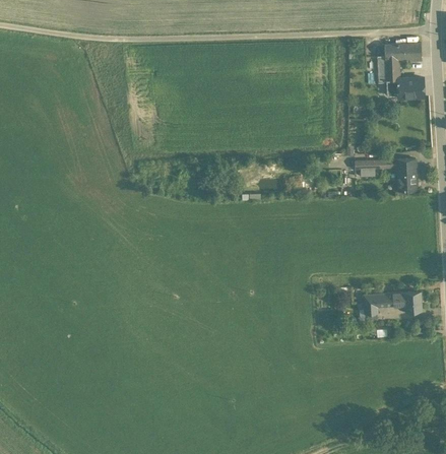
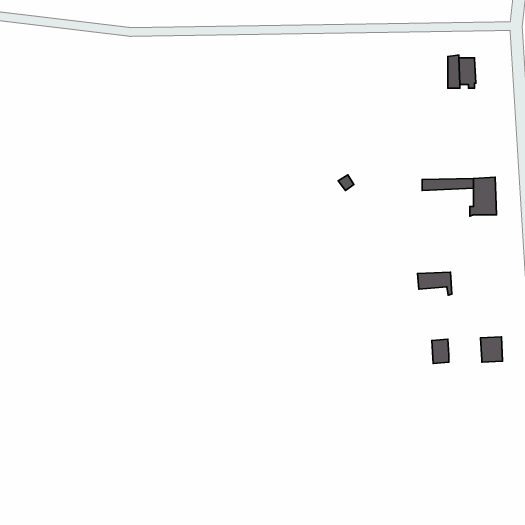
building: [385,44,422,60] -> none
building: [390,80,424,98] -> none
building: [377,293,405,312] -> [418,272,452,295]

